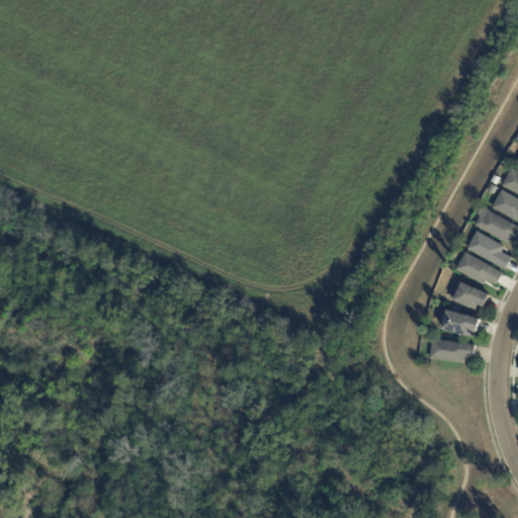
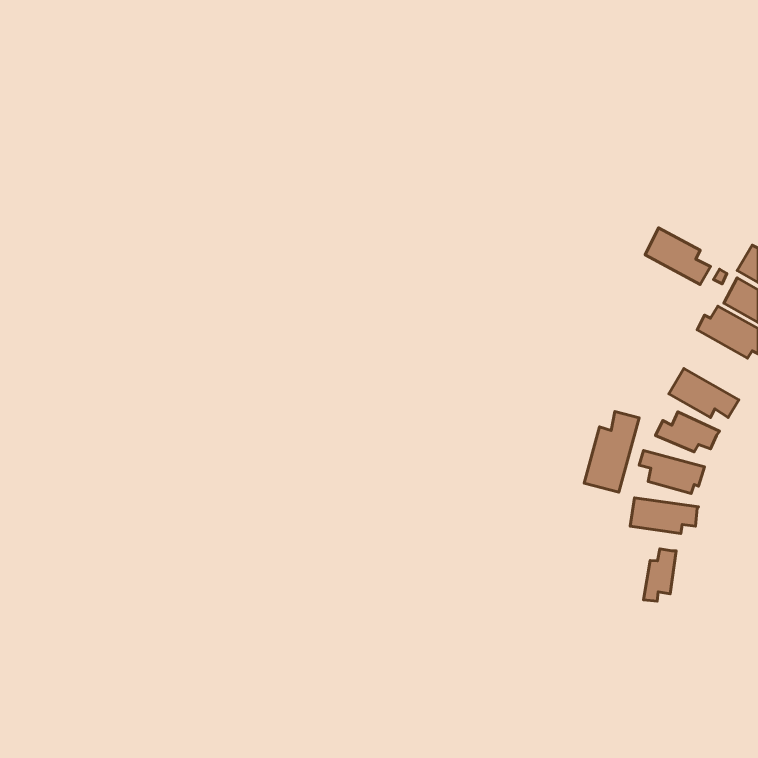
building: [467,230,512,268] -> [645,228,711,284]
building: none -> [584,411,639,492]
building: none -> [644,549,676,601]

